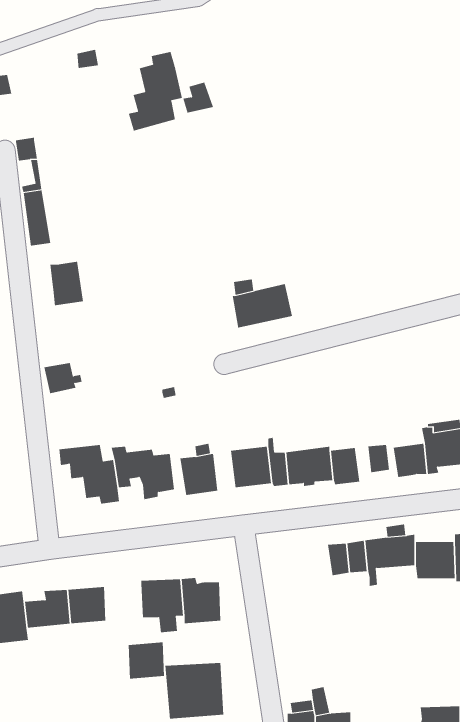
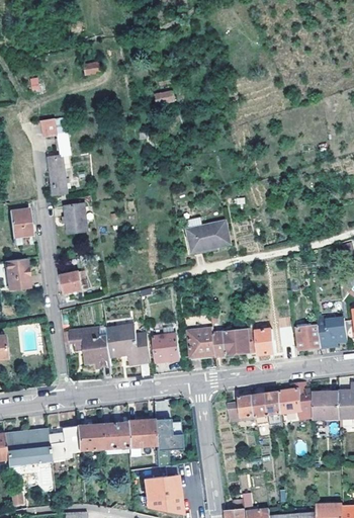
building: [128,51,182,131] -> none
building: none -> [228,396,256,420]
building: [128,642,165,679] -> [102,422,127,447]

